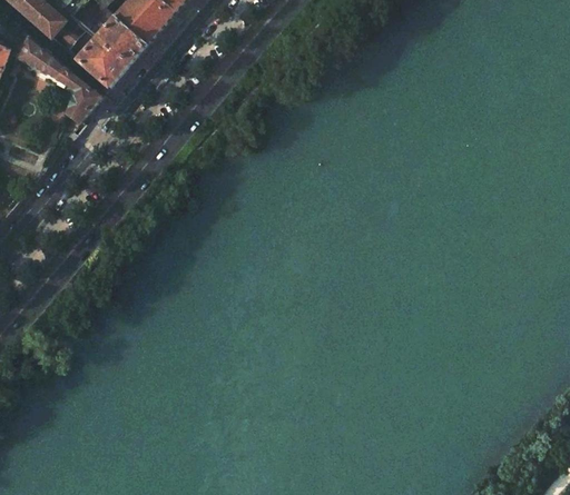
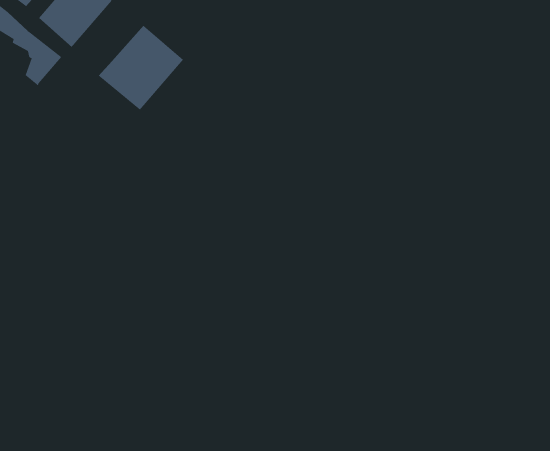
building: none -> [98,25,184,110]

